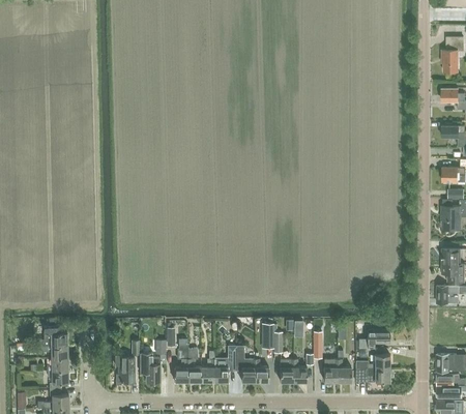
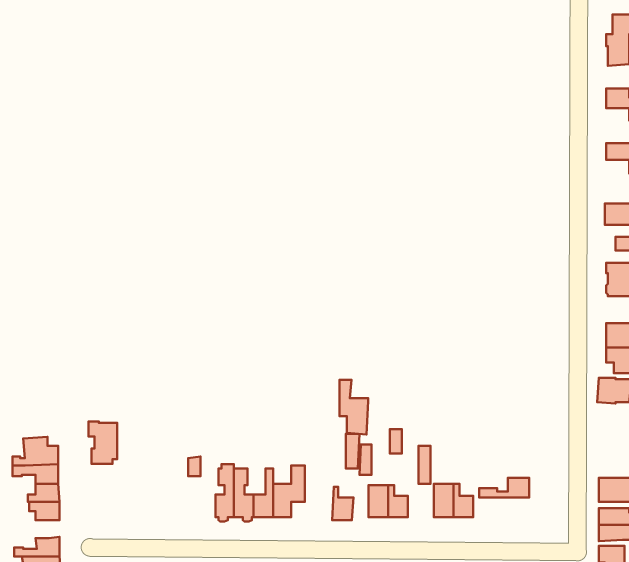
building: [359,330,389,348] -> none
building: [236,346,256,383] -> [339,380,368,434]
building: [140,353,161,382] -> none
building: [115,356,135,385] -> [88,421,117,464]
building: [355,367,389,382] -> none

